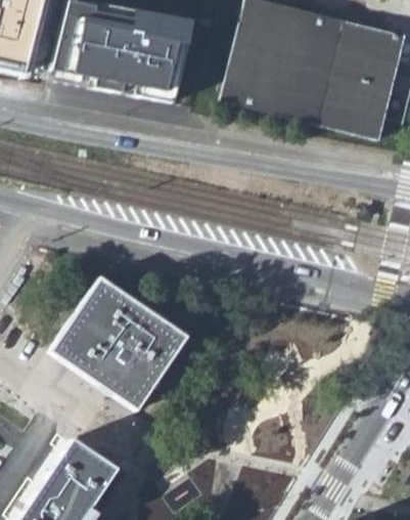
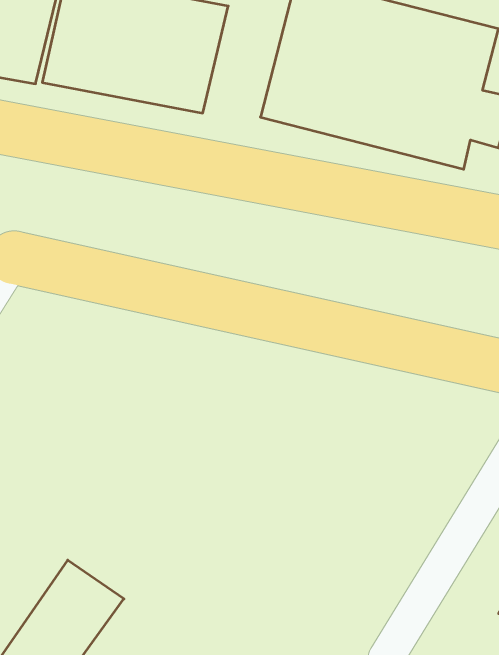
building: [56,280,191,410] -> none

